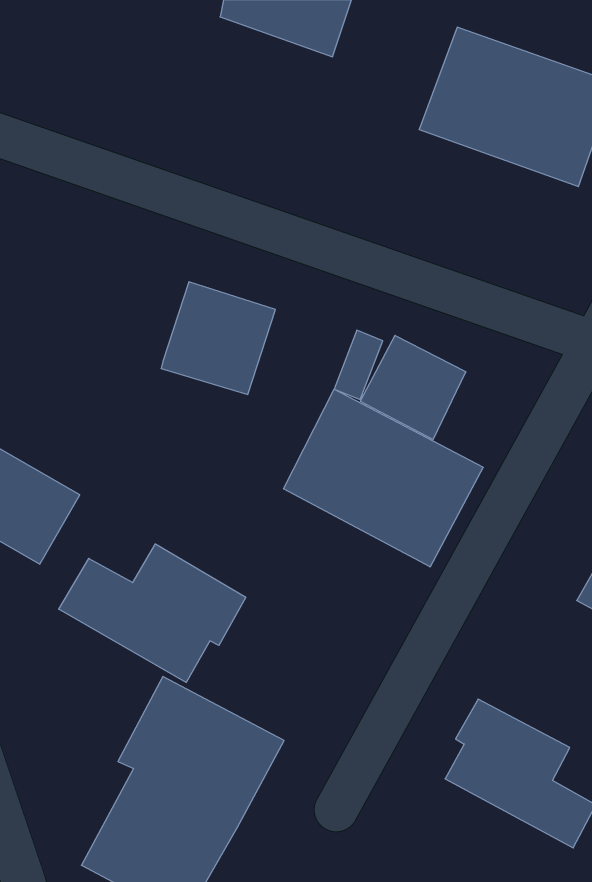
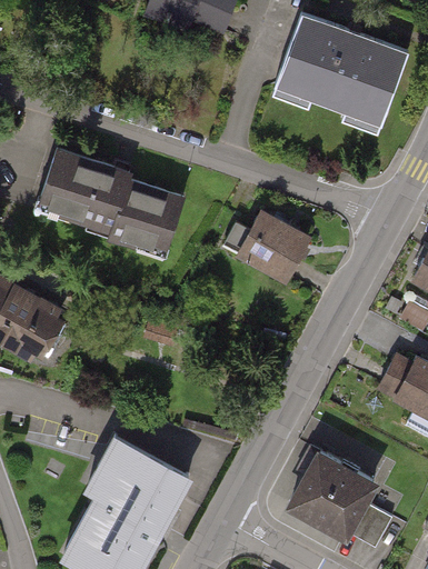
building: none -> [40,150,132,232]
building: [284,389,483,567] -> none
building: [59,544,246,682] -> none

